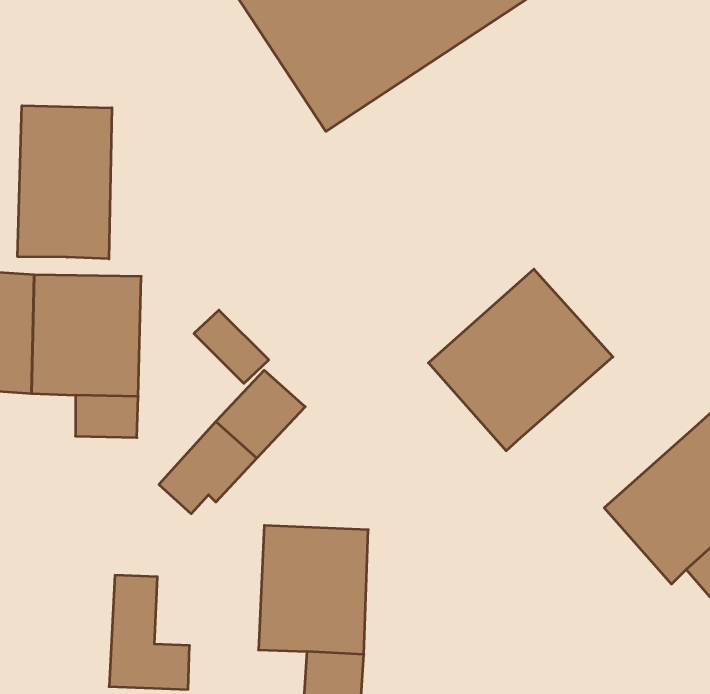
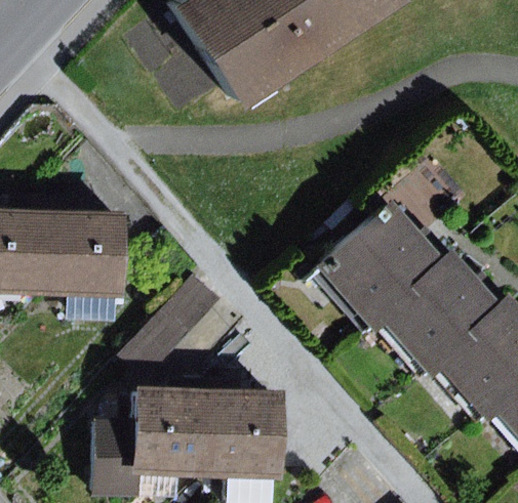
building: [18,106,112,259] -> none
building: none -> [378,255,503,377]
building: none -> [122,379,199,469]

